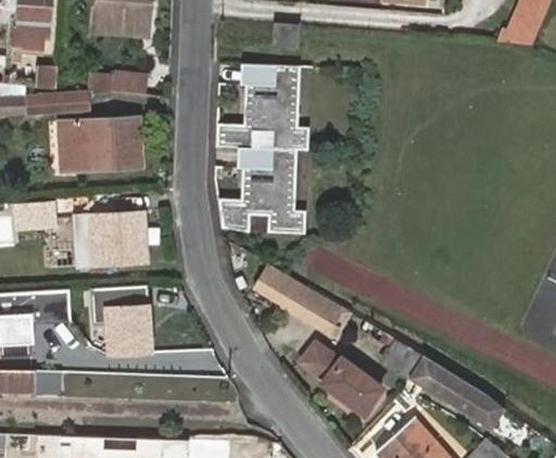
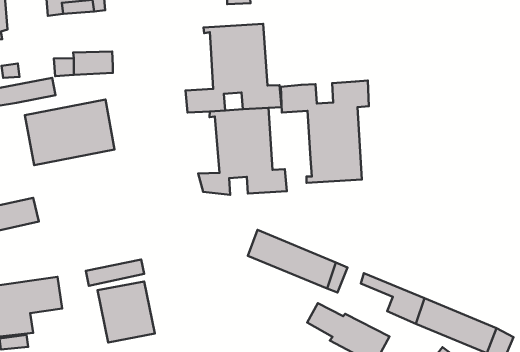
building: none -> [281,81,369,183]
building: [79,214,146,269] -> none

